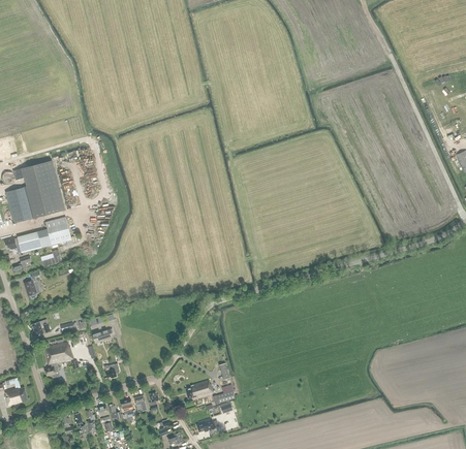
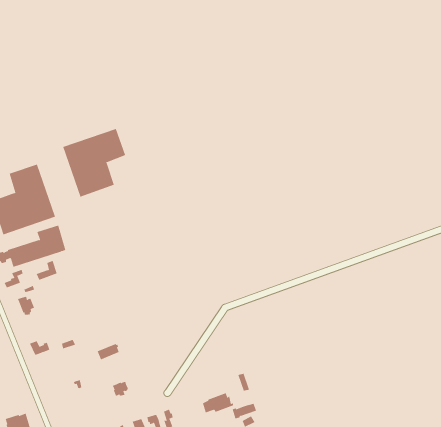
building: none -> [63,128,126,198]
building: [44,341,73,377] -> none

